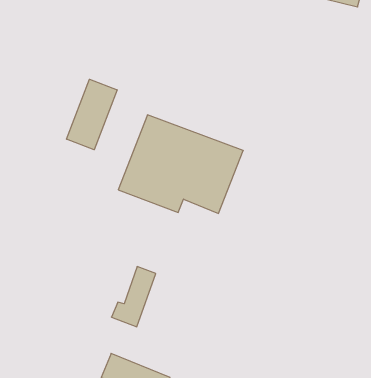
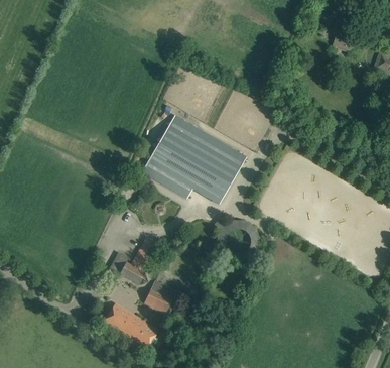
building: [67,79,117,150] -> none
building: none -> [143,278,174,312]

